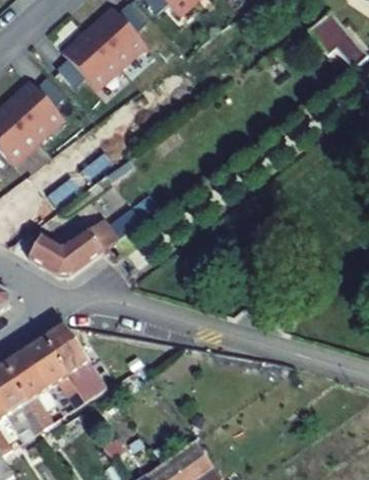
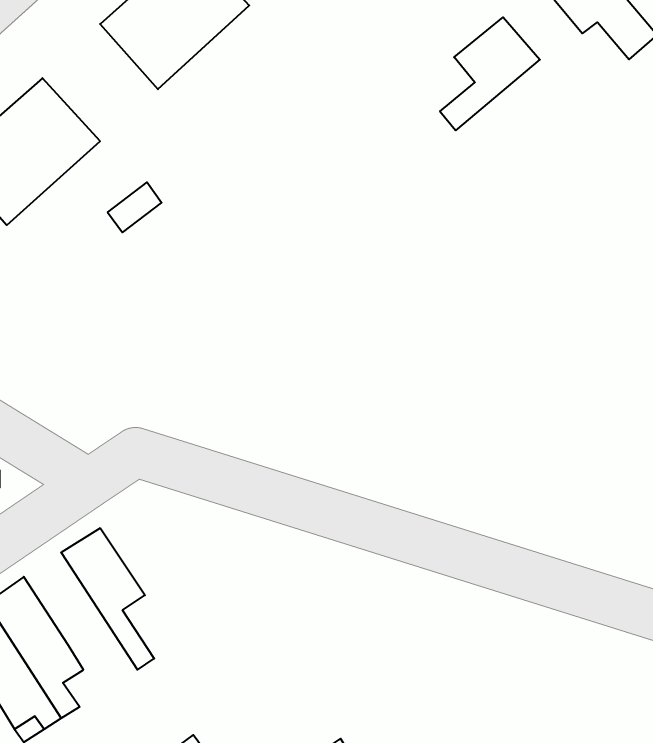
building: none -> [440,17,540,130]
building: [27,208,140,275] -> none
building: [21,338,83,408] -> none

